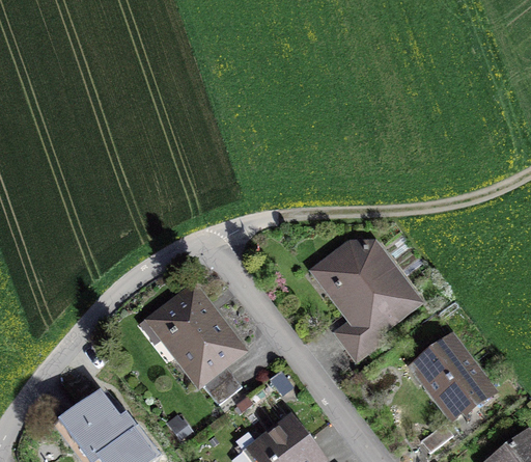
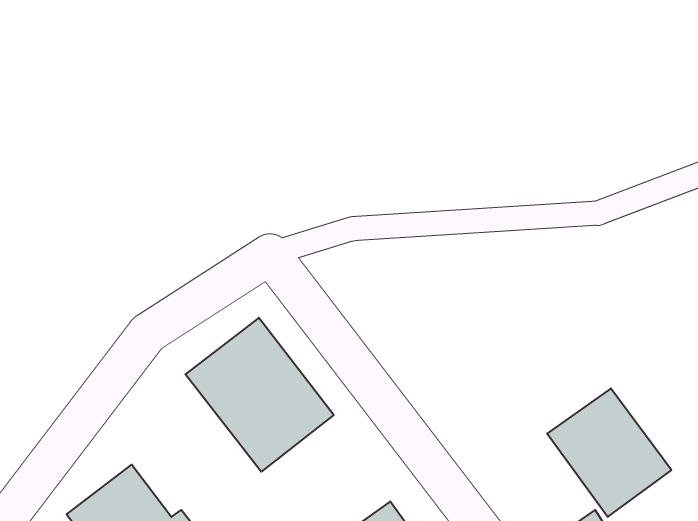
building: [310,229,422,353] -> none

